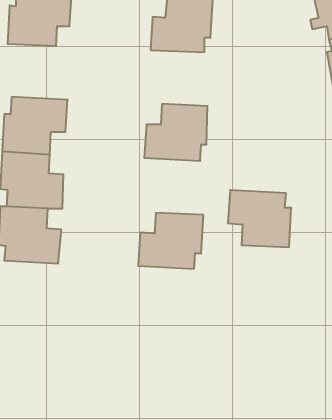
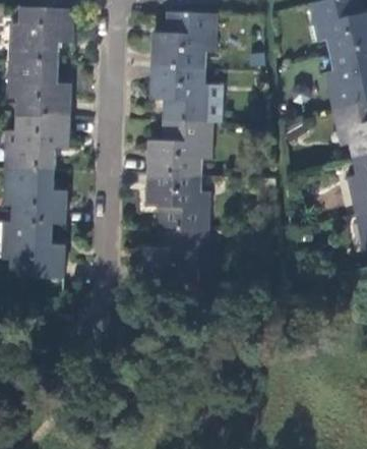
building: none -> [10,59,72,114]
building: none -> [150,65,222,121]
building: [228,190,291,247] -> [144,171,206,227]

